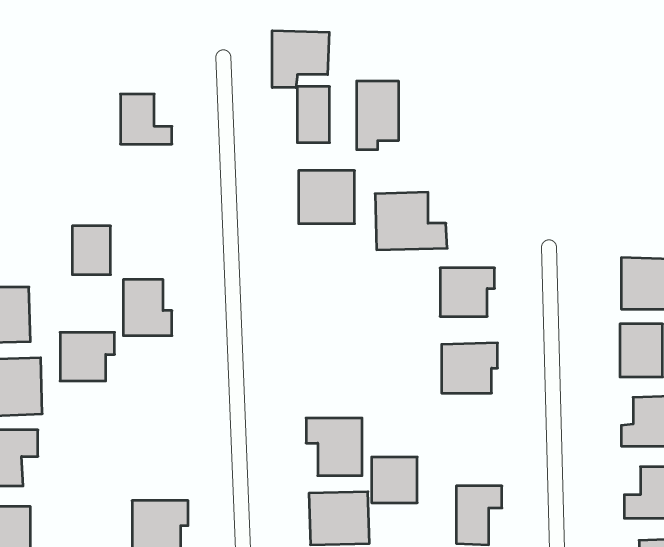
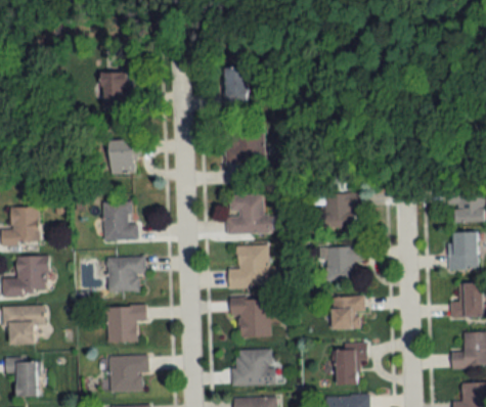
building: [272,31,329,88] -> none
building: [357,81,398,150] -> none
building: [375,192,447,250] -> [226,193,276,233]
building: [72,226,111,275] -> [109,139,136,173]
building: [60,332,115,381] -> [106,258,144,291]
building: none -> [227,245,268,287]
building: none -> [105,306,145,343]
building: [372,457,417,503] -> [330,297,362,328]

